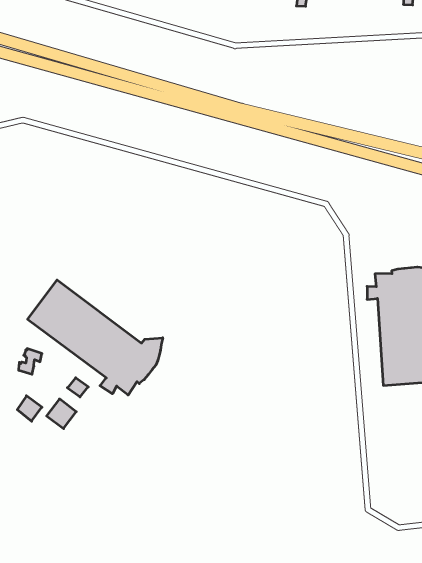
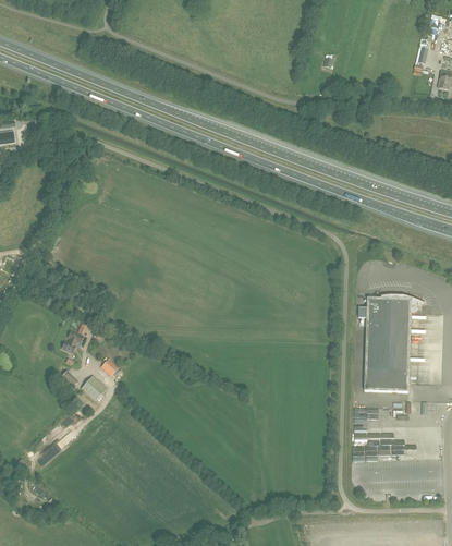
building: [28,280,163,395] -> none

